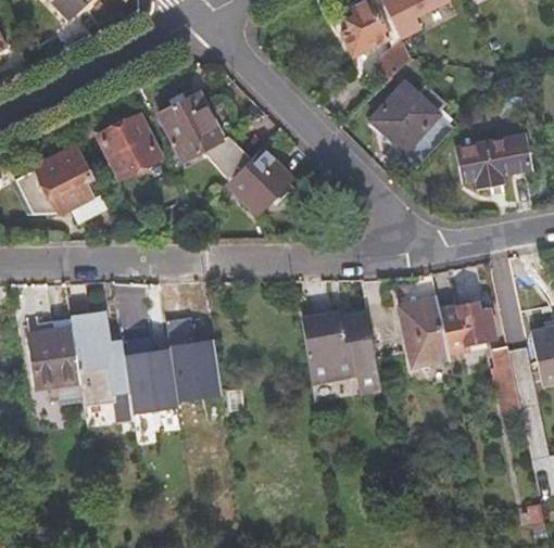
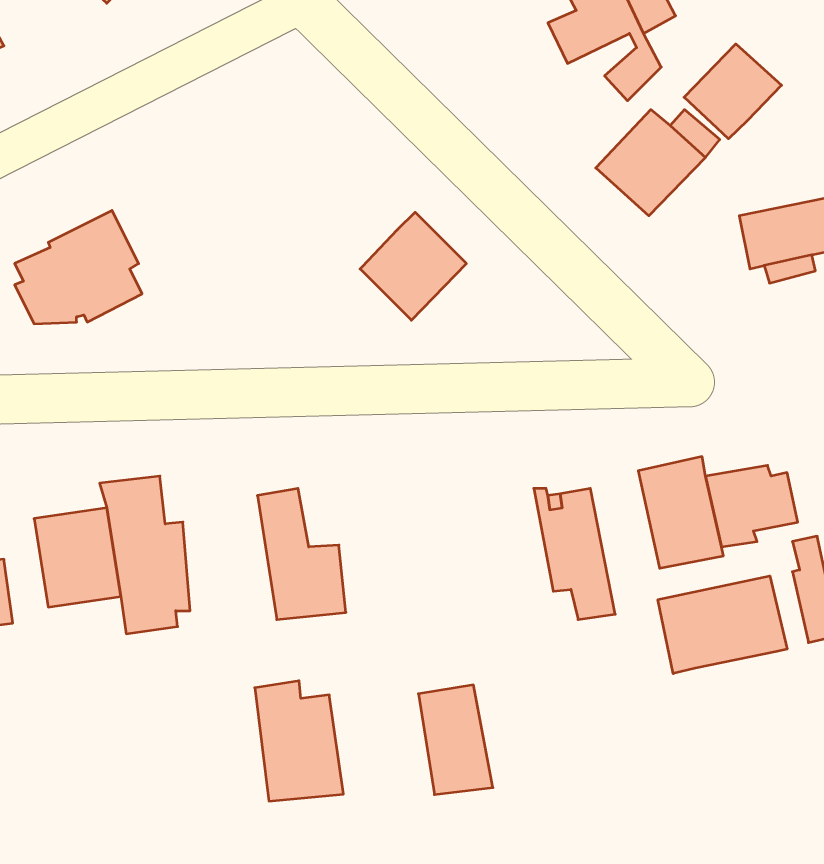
building: none -> [684,44,782,139]
building: [160,94,250,181] -> none
building: [87,116,161,180] -> none
building: [300,317,345,384] -> [418,685,493,795]
building: [121,336,175,410] -> [255,681,343,801]
building: none -> [658,576,787,674]

